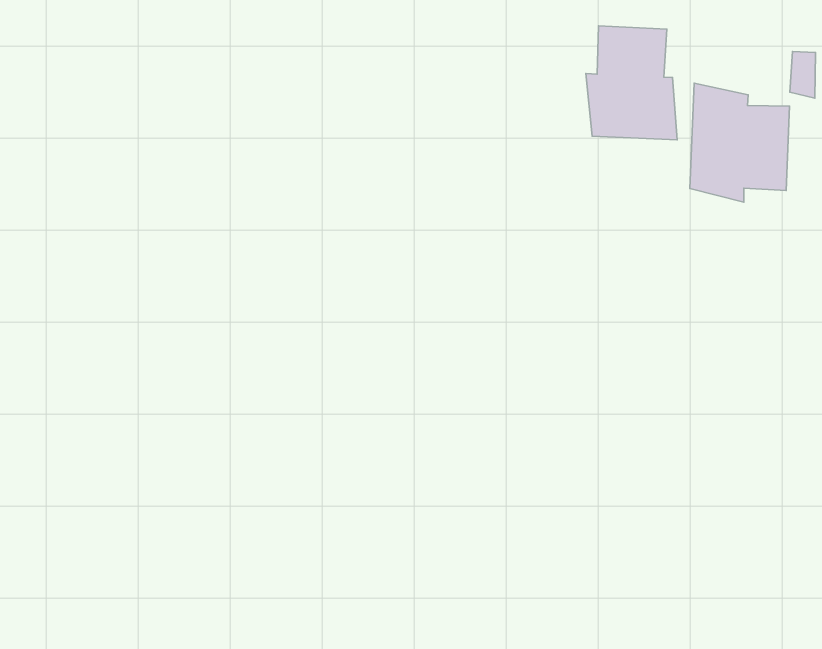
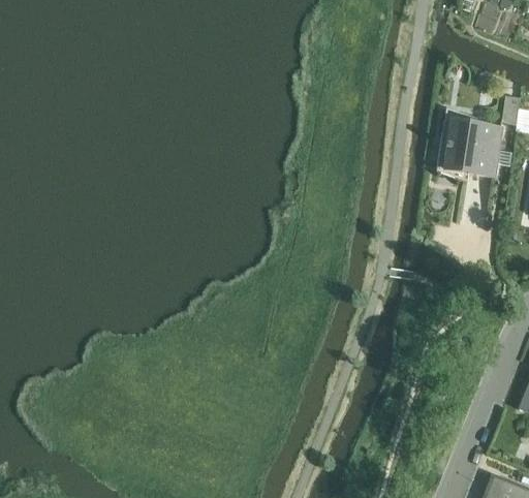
building: [586,26,677,140] -> none

